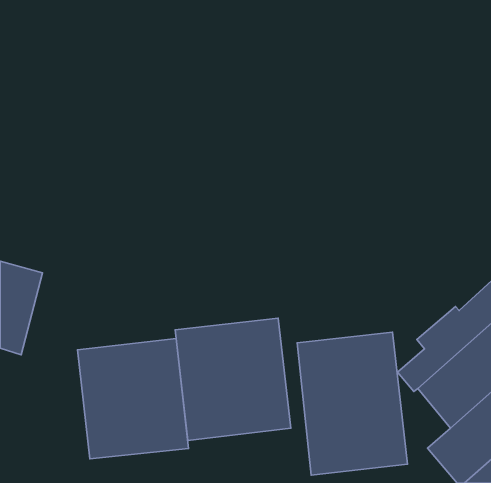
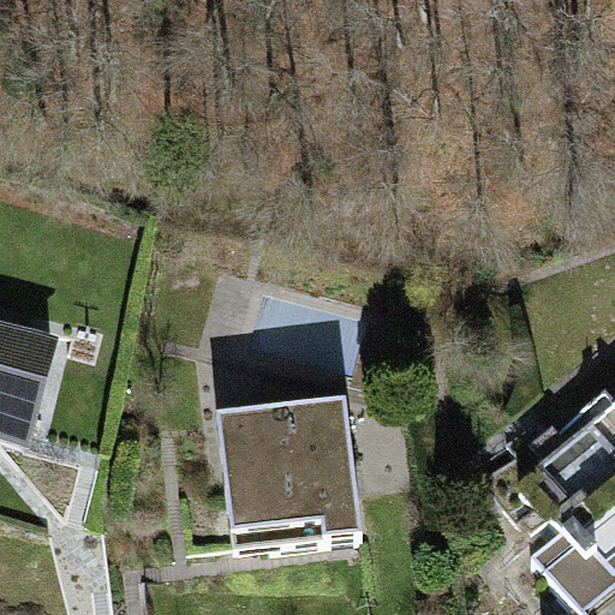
building: [297,332,407,475] -> none
building: [78,338,189,459] -> none

